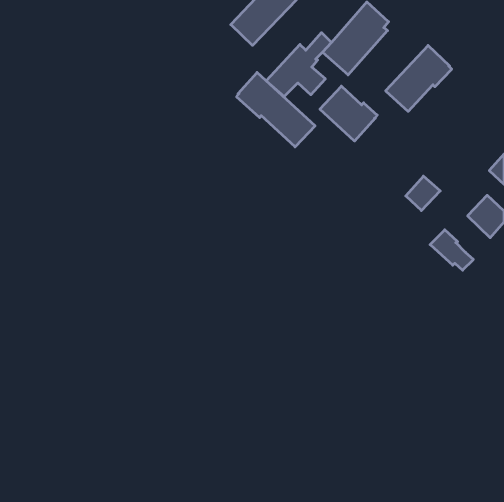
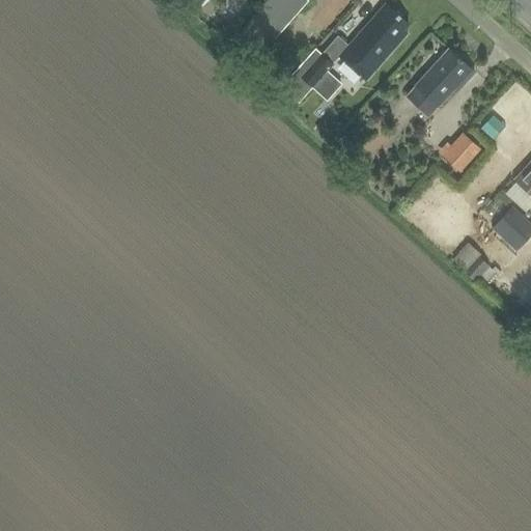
building: [237,72,315,147] -> none
building: [320,86,377,141] -> none
building: [406,176,440,211] -> [444,133,480,169]

